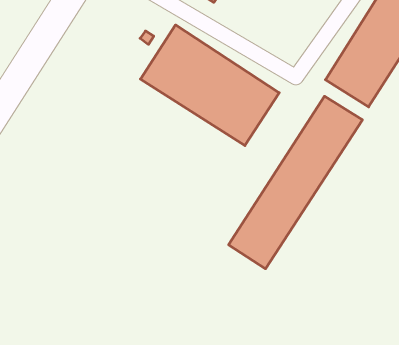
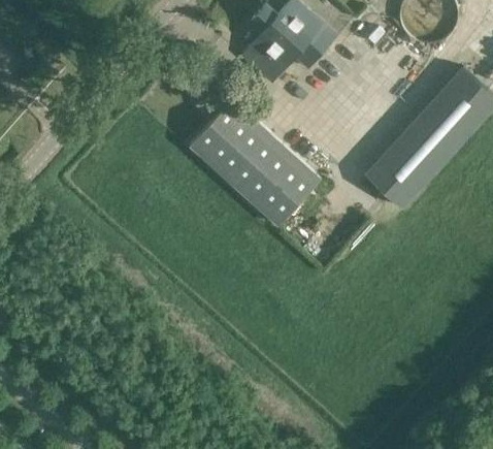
building: [229,96,362,269] -> none

